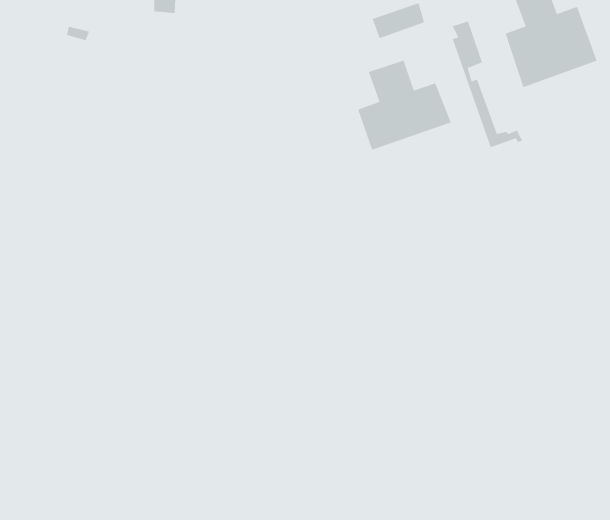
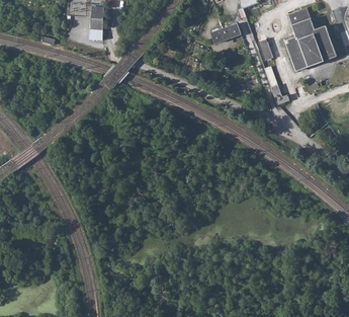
building: [357,60,451,150] -> none

